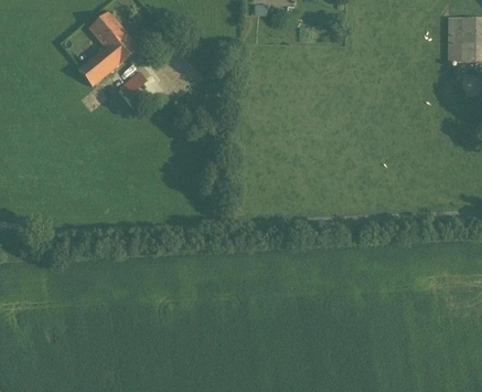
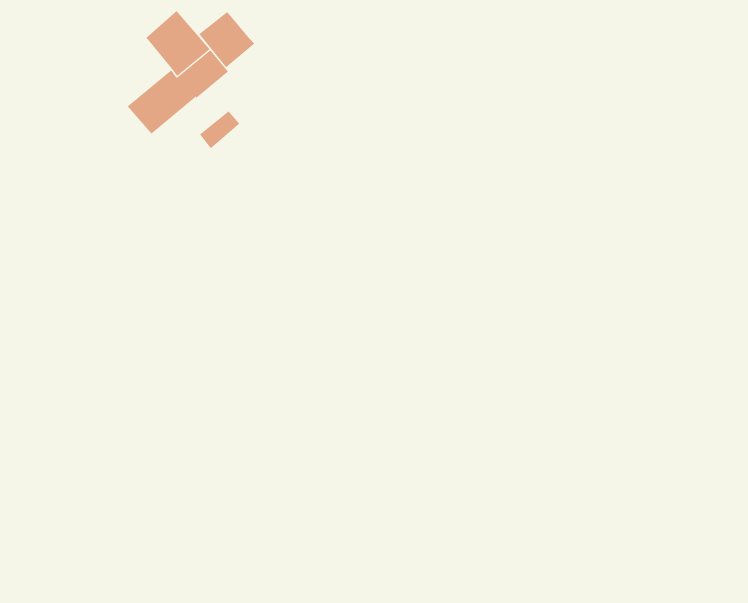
building: none -> [198,11,255,68]

